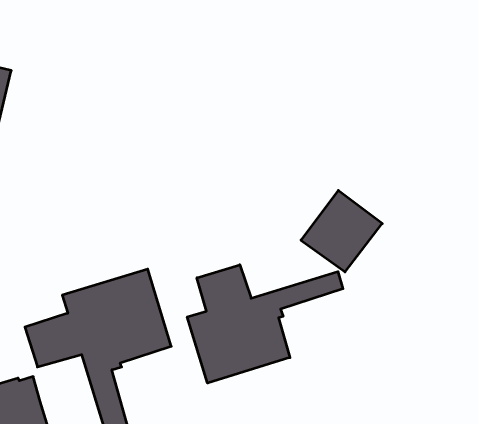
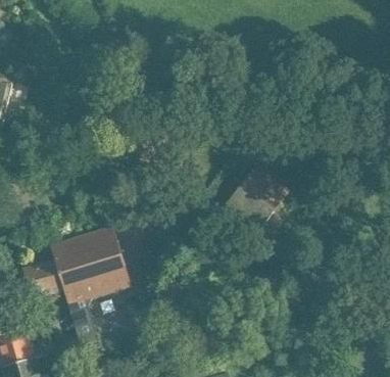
building: [187,265,343,383] -> none

